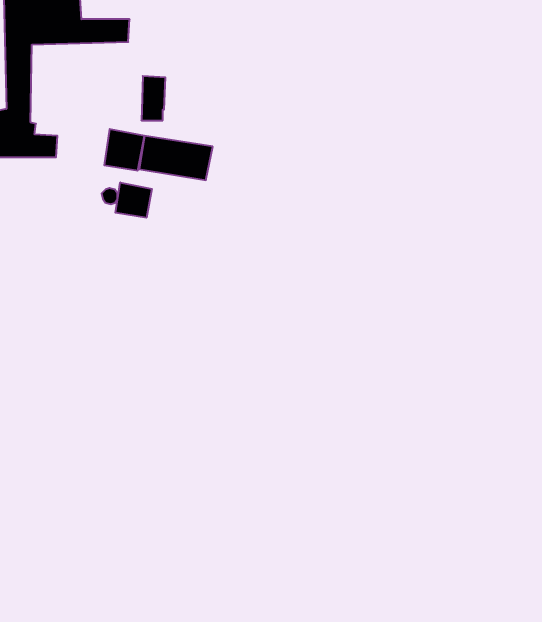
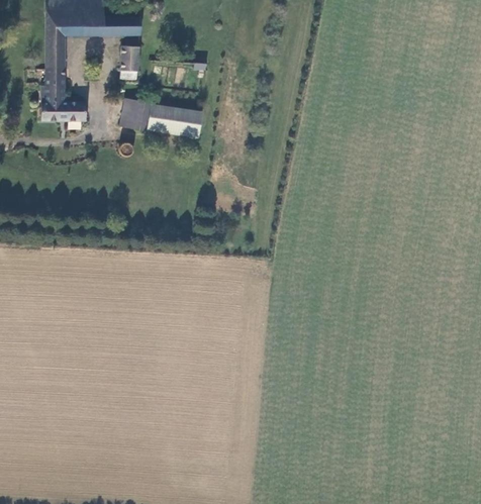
building: [141,76,165,120] -> [120,44,138,78]
building: [115,182,152,218] -> none

